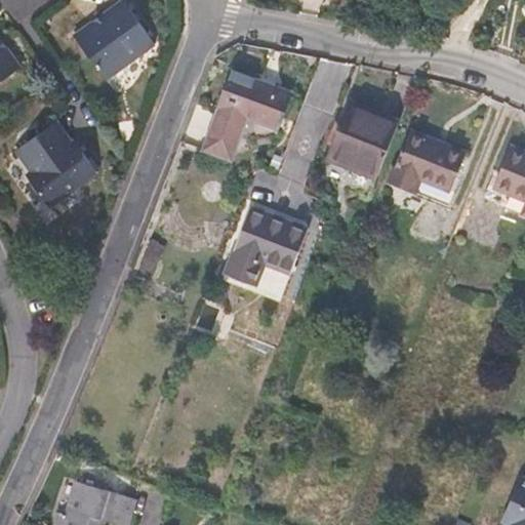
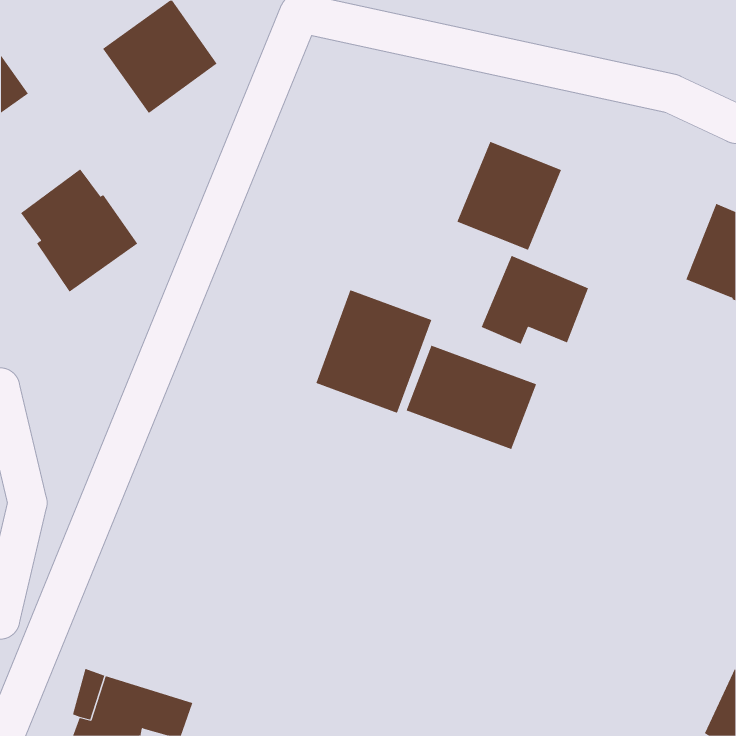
building: [200,68,293,162] -> none
building: [389,129,466,193] -> [481,255,589,344]
building: none -> [406,345,537,450]

